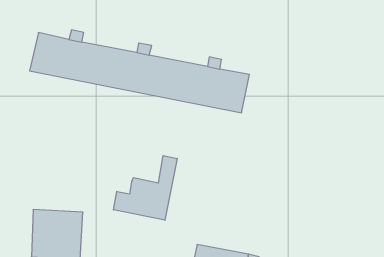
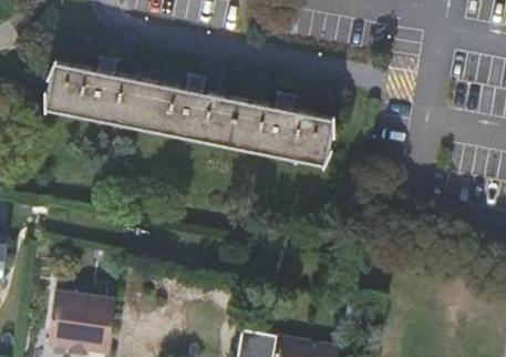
building: [113,156,177,220] -> none

